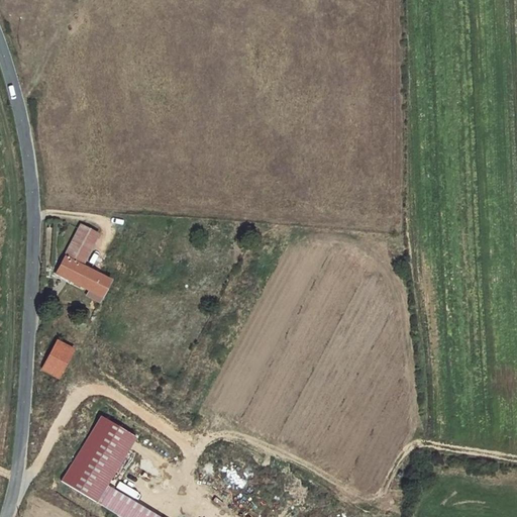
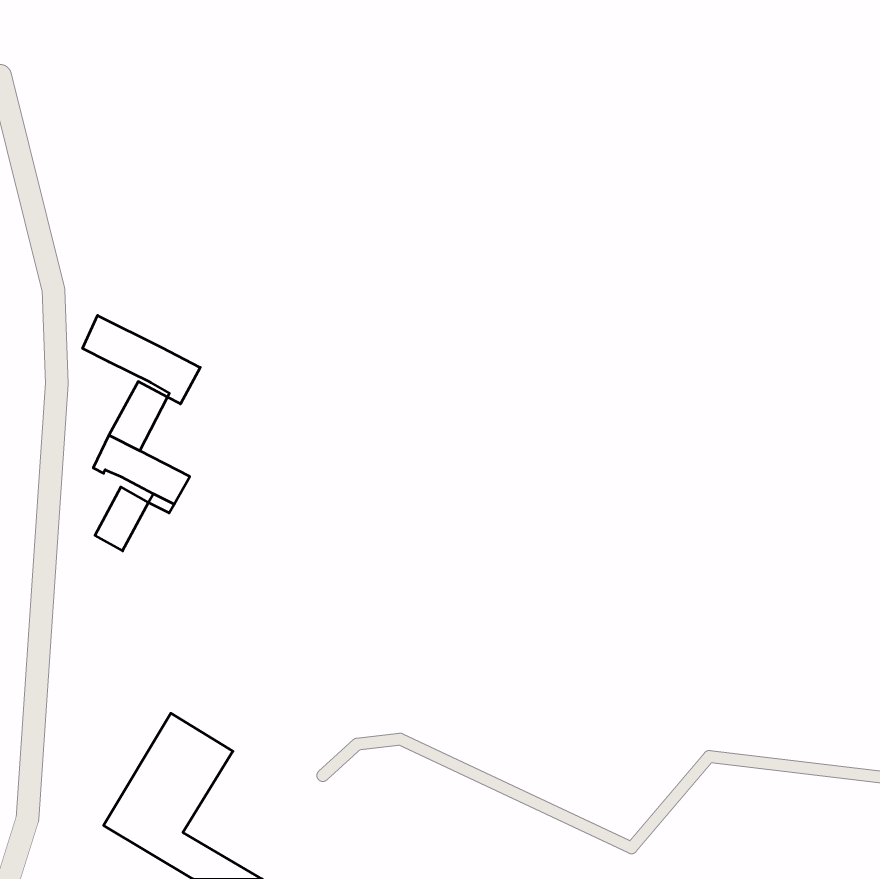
building: none -> [83,315,200,404]
building: [42,339,74,377] -> [95,487,148,551]

